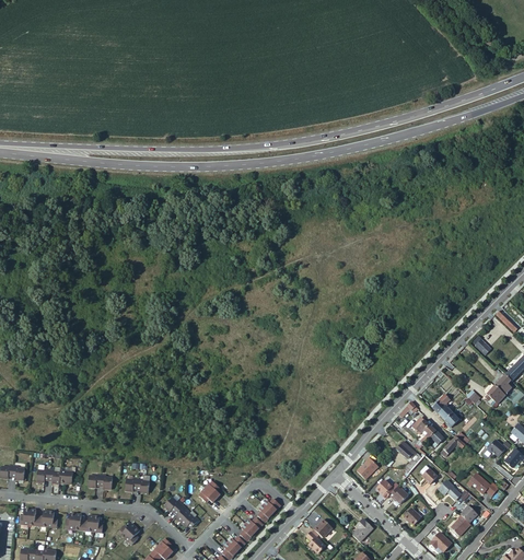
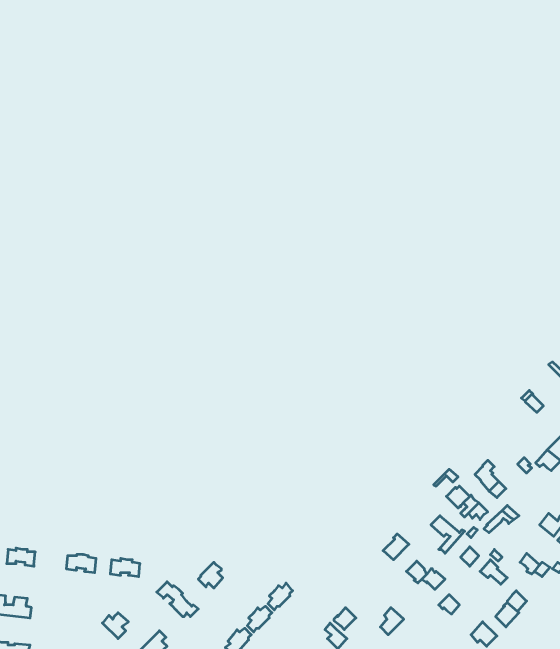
building: [65,514,102,533] -> none

